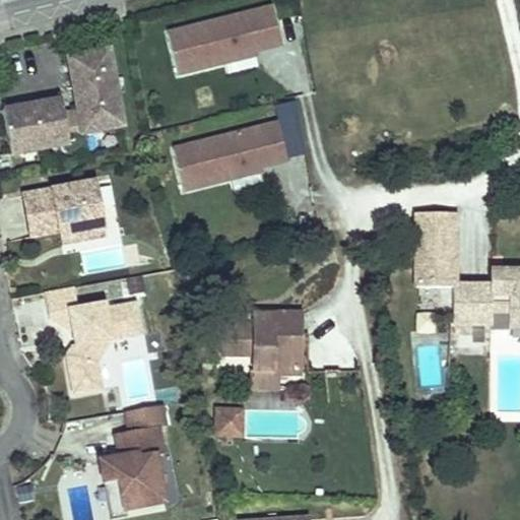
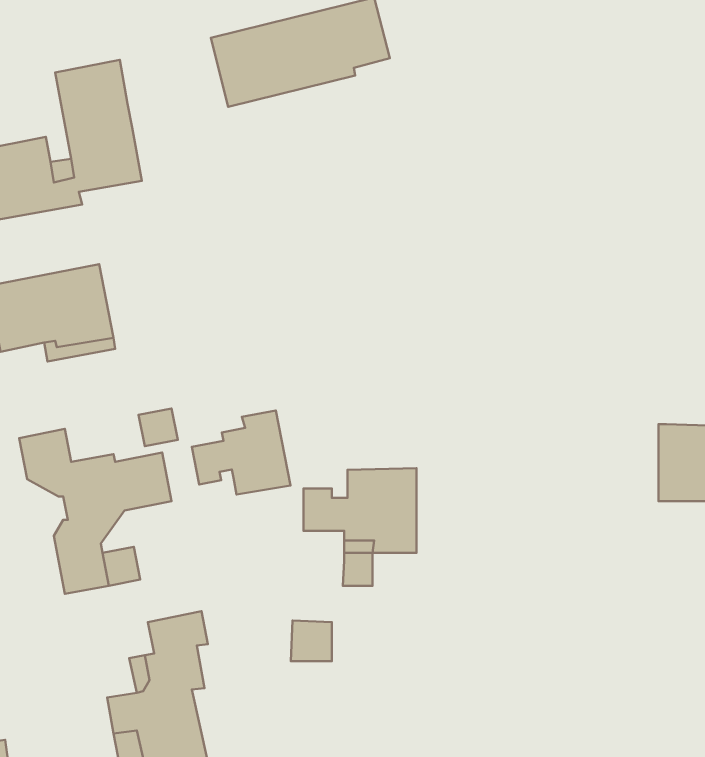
building: [177,123,284,189] -> none
building: [416,212,462,286] -> none
building: none -> [192,410,291,495]

